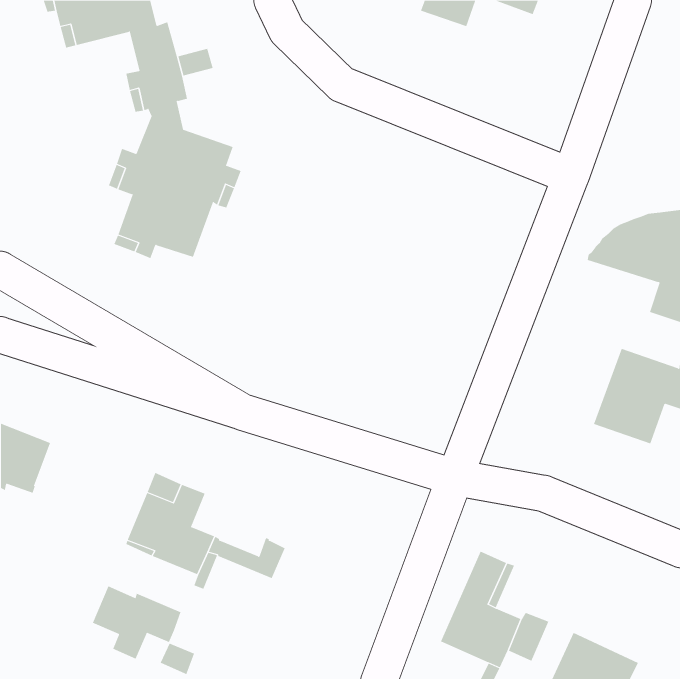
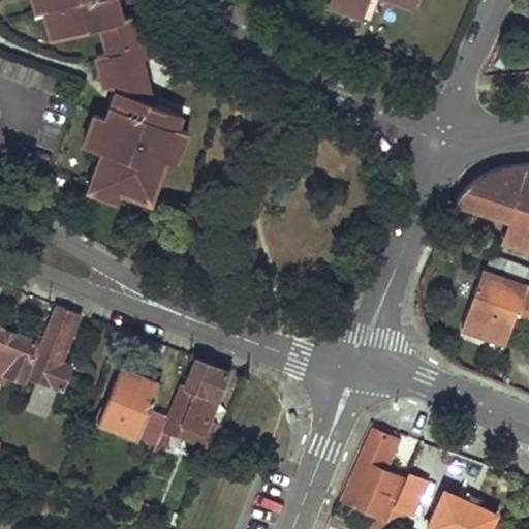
building: none -> [28,306,80,417]
building: none -> [172,361,228,433]
building: [92,585,181,660] -> none

